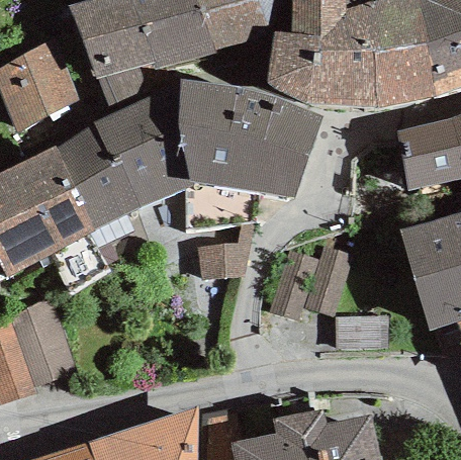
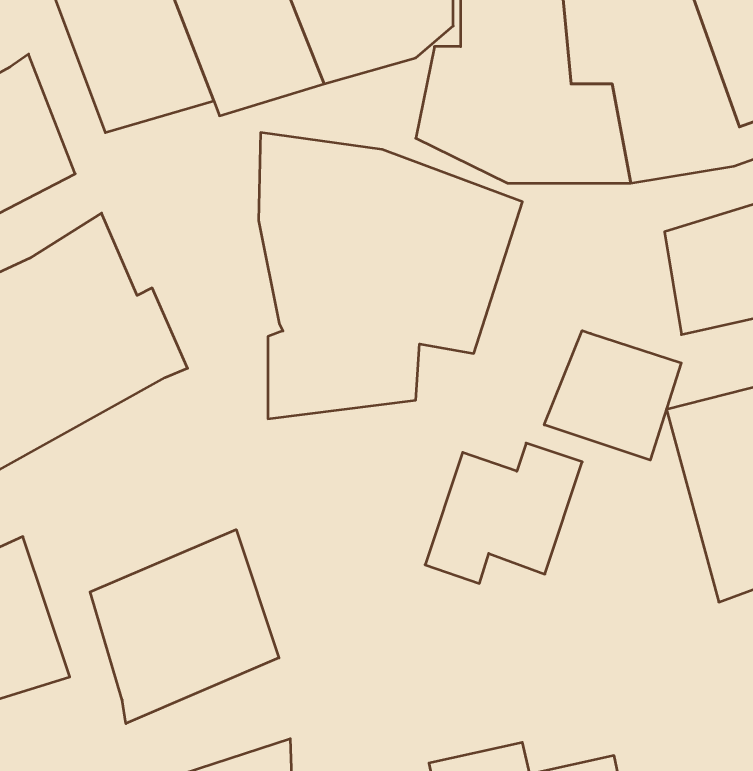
building: [94,80,192,207] -> none
building: none -> [544,331,681,460]
building: none -> [90,530,279,724]

